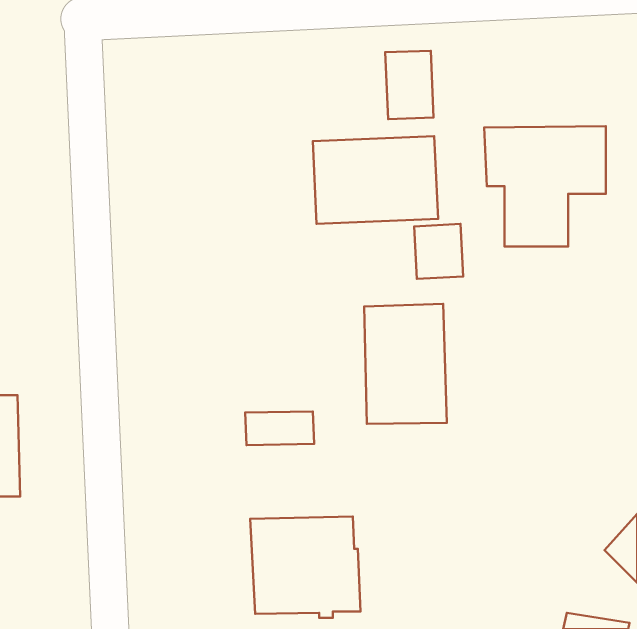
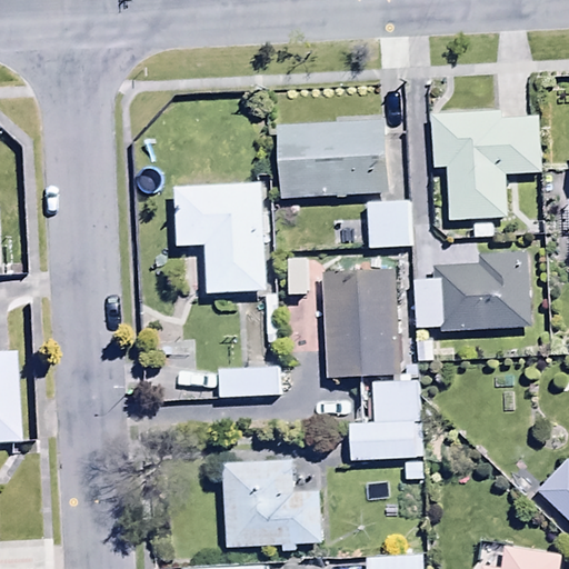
building: [385,51,434,119] -> none
building: none -> [174,182,267,295]
building: none -> [415,253,531,329]
building: none -> [350,380,419,457]

